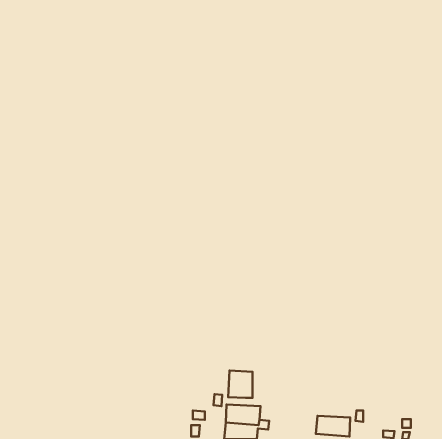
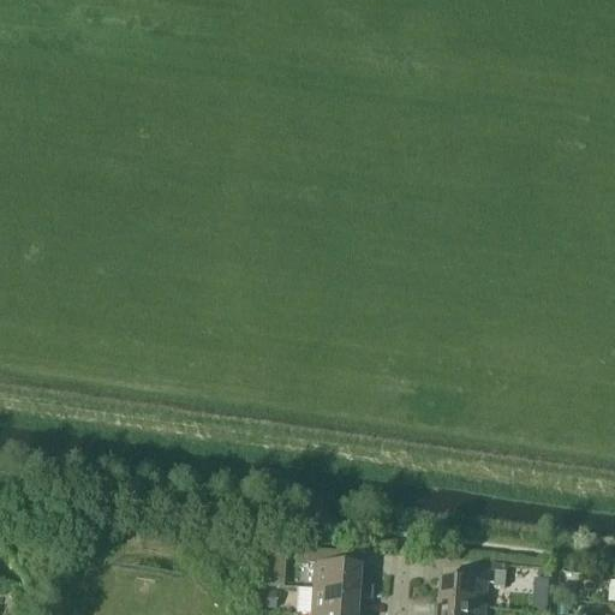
building: [228,371,253,398] -> none

